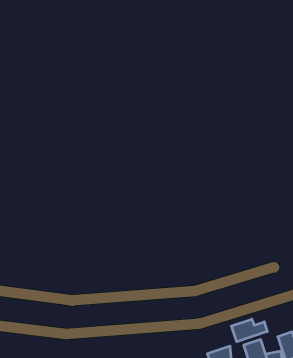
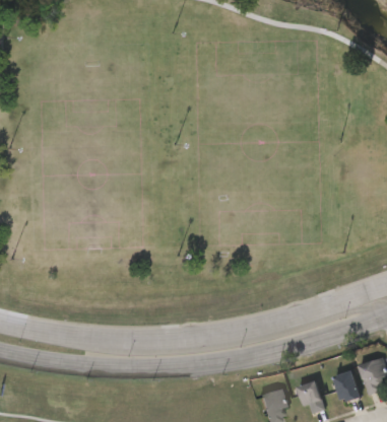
building: [231,319,267,342] -> none

